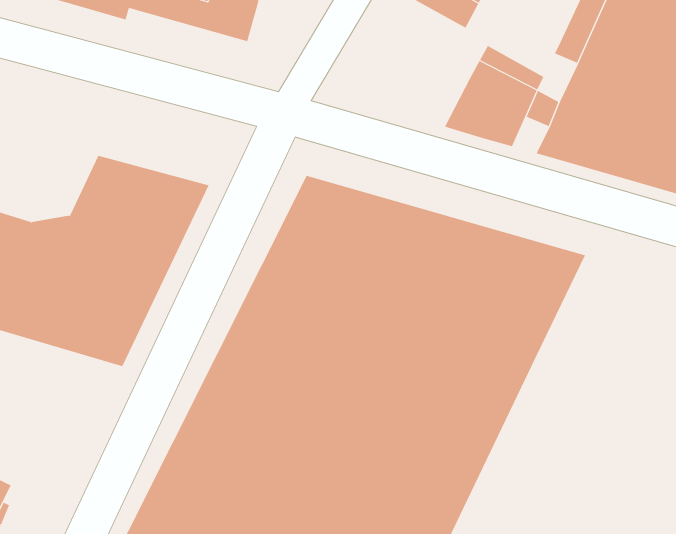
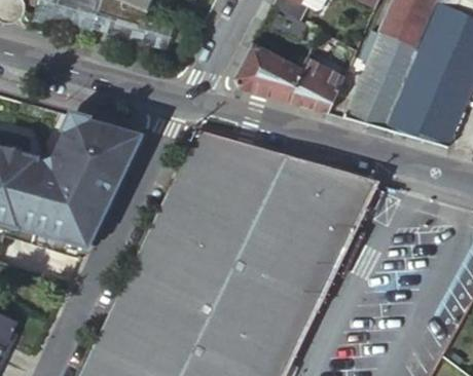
building: none -> [235,43,302,101]

